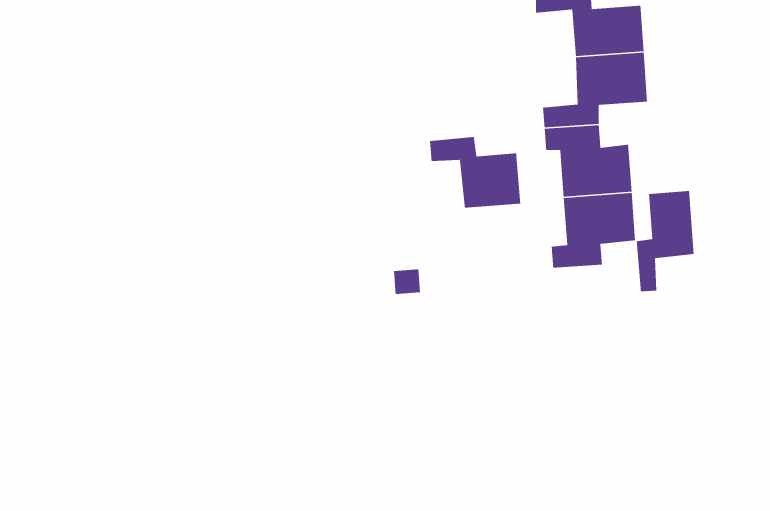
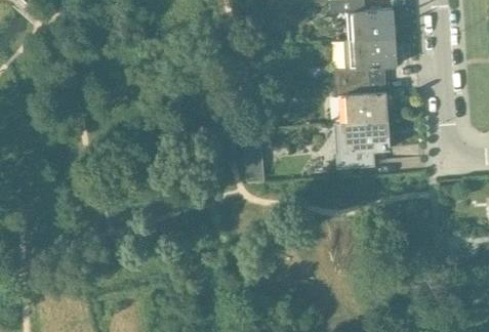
building: [429,136,521,209] -> none
building: [636,190,694,292] -> none

